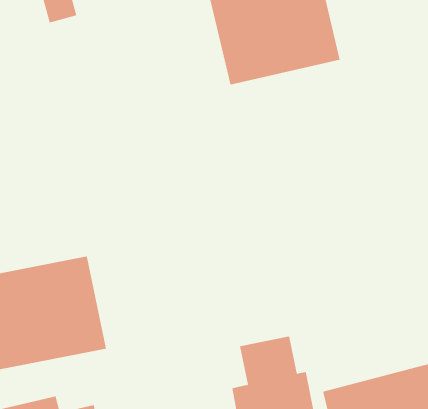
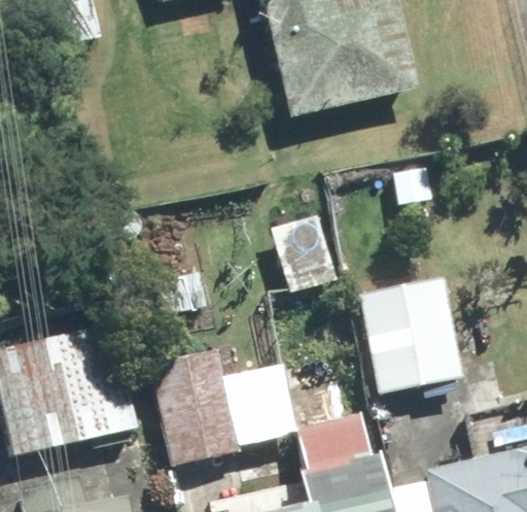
building: none -> [359,270,466,402]
building: none -> [146,341,297,468]

